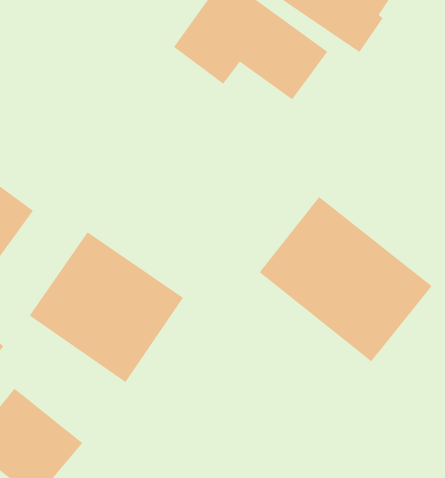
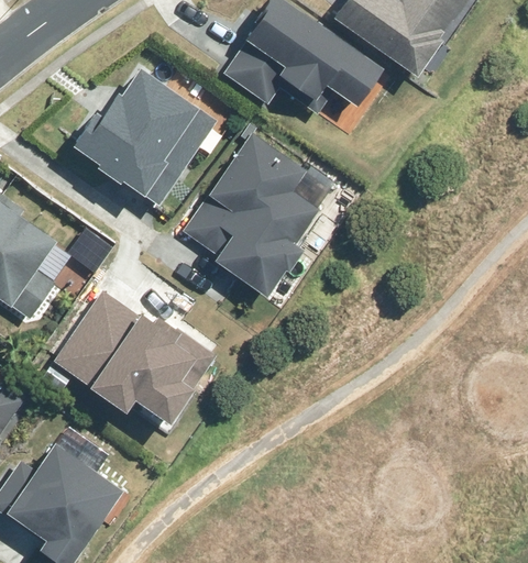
building: none -> [74,63,207,196]
building: none -> [185,134,329,308]
building: [259,196,432,362] -> none

